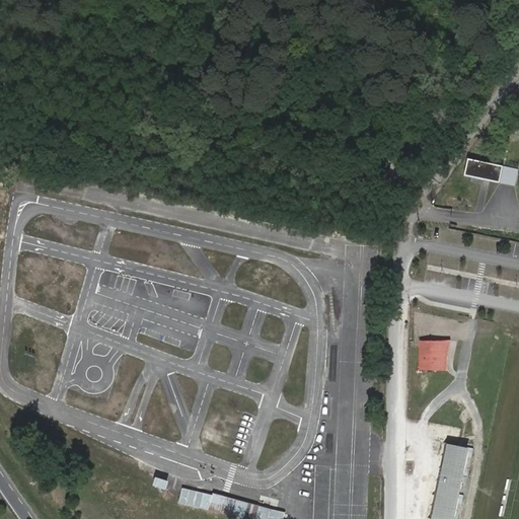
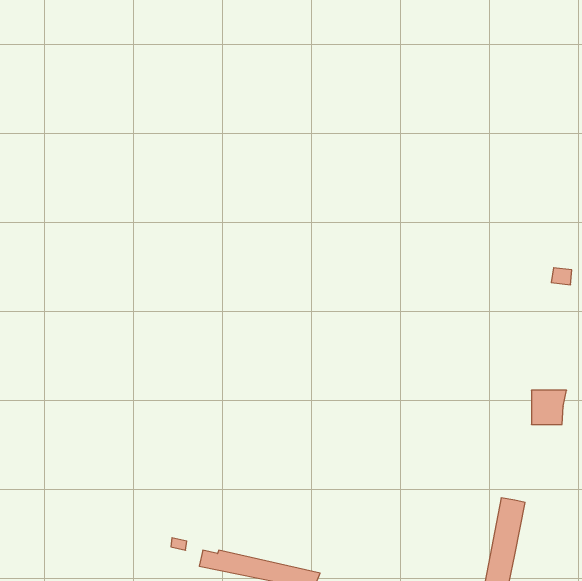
building: [475,159,513,183] -> none
building: [421,341,452,371] -> [531,390,567,424]

